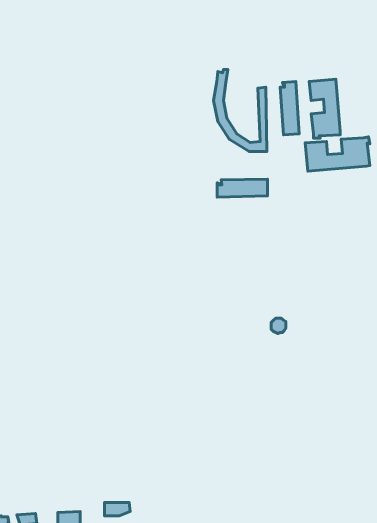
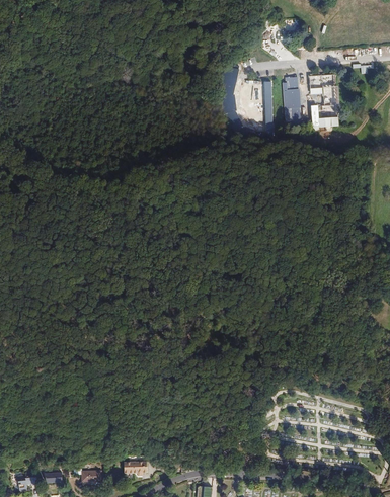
building: [305,137,370,171] -> none
building: [217,179,268,197] -> none

